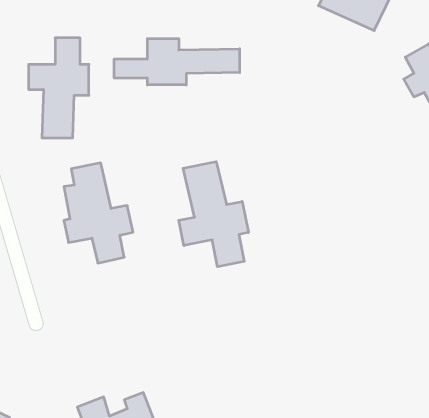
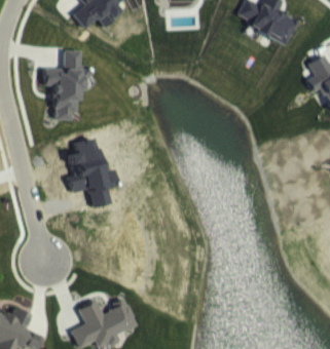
building: [114,39,240,85] -> none
building: [179,162,248,267] -> none

